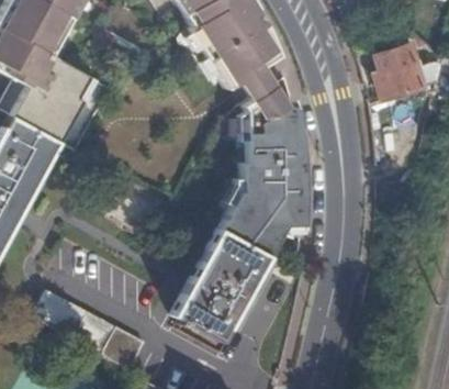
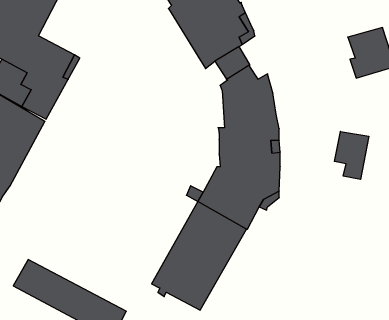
building: none -> [334,131,369,179]

